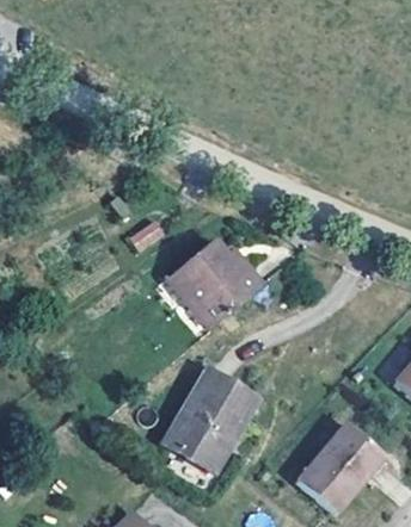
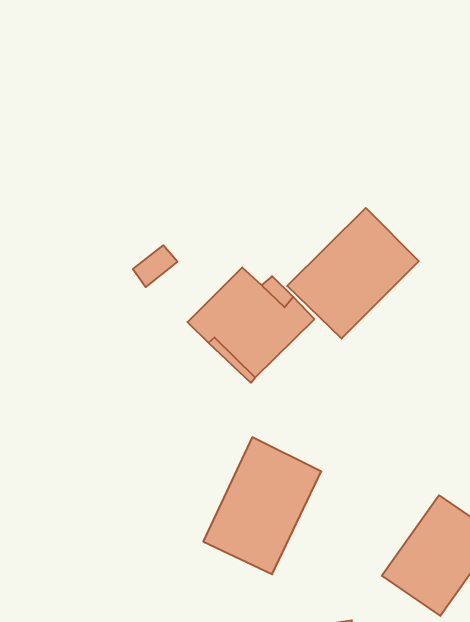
building: none -> [287,208,419,339]

